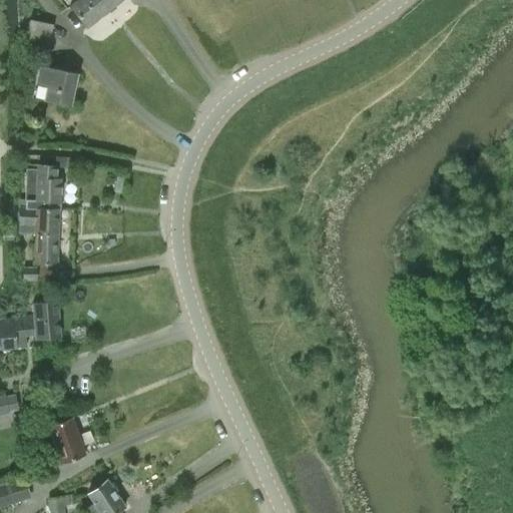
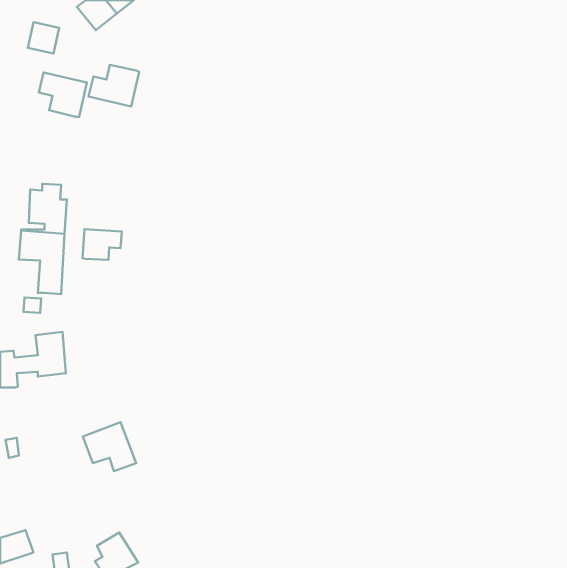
building: none -> [89,65,139,106]
building: none -> [83,229,122,260]
building: [40,417,88,461] -> [83,422,136,471]

